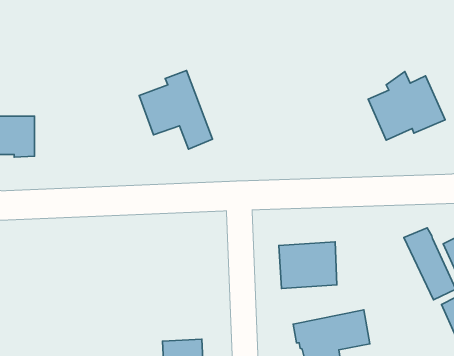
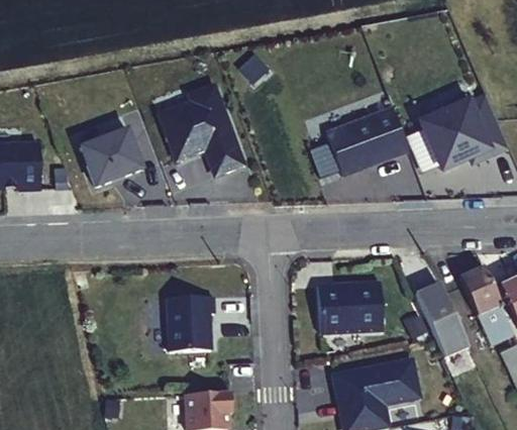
building: none -> [324,109,406,177]
building: none -> [80,130,141,188]
building: none -> [414,282,469,357]
building: none -> [167,296,214,351]

